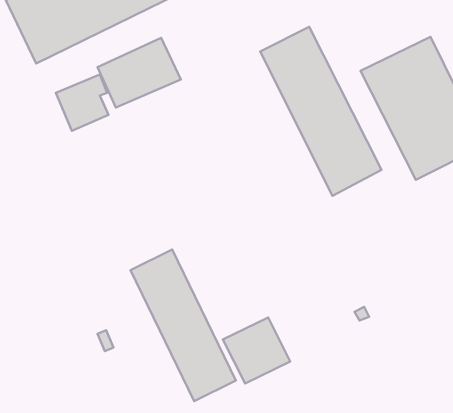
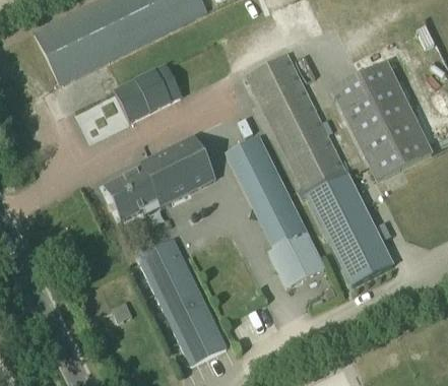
building: none -> [227,136,303,236]
building: none -> [108,137,212,217]
building: none -> [307,176,393,285]
building: [223,317,290,384] -> [269,232,325,286]

